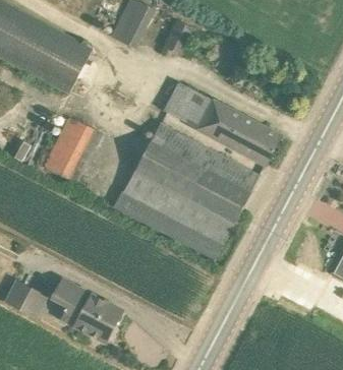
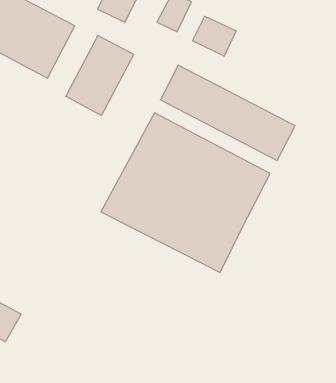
building: none -> [193,16,236,56]
building: [43,116,101,184] -> [66,36,134,115]
building: [53,279,122,341] -> none

